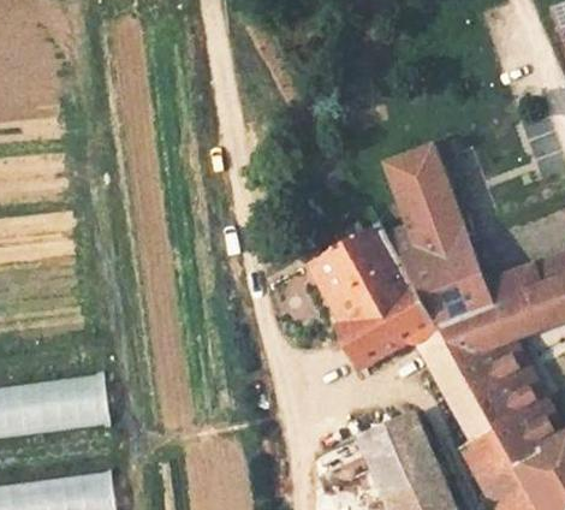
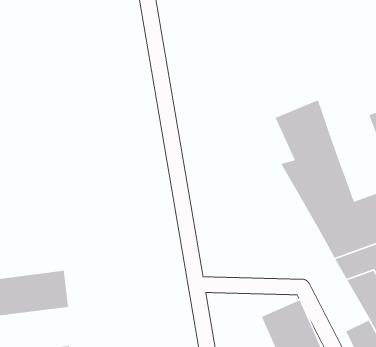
building: [307,224,435,363] -> none
building: [426,339,501,451] -> none

